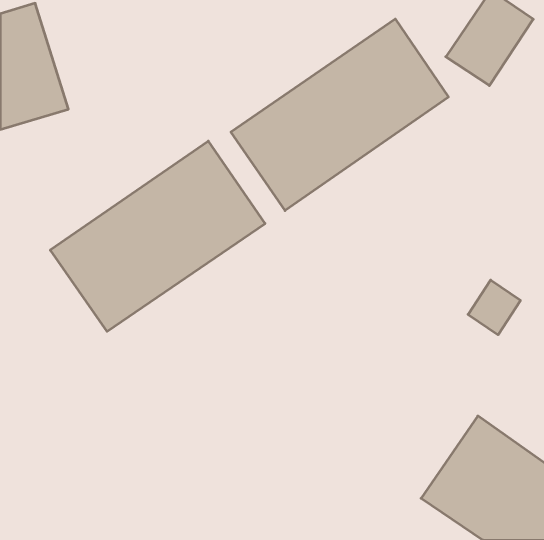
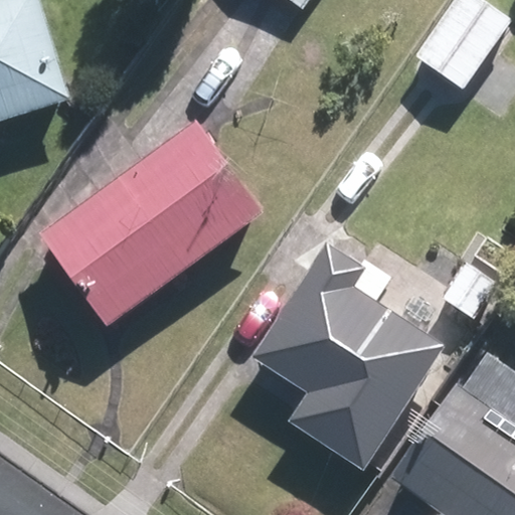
building: [231,19,448,211] -> none
building: none -> [255,253,433,458]

